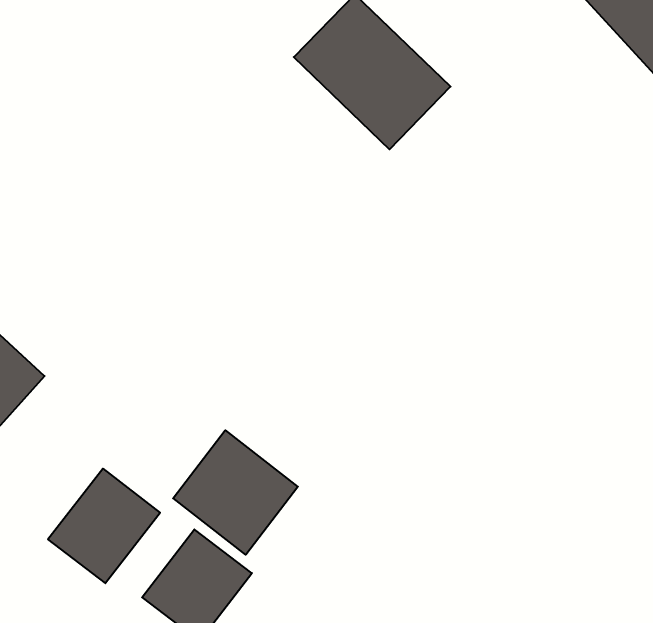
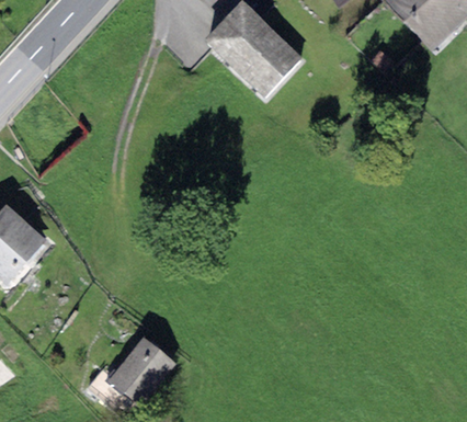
building: [173,430,298,555] -> none
building: [48,469,160,583] -> none

